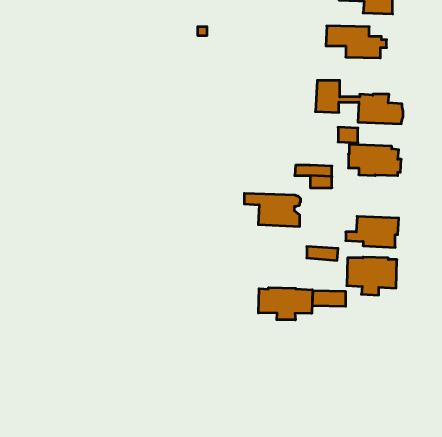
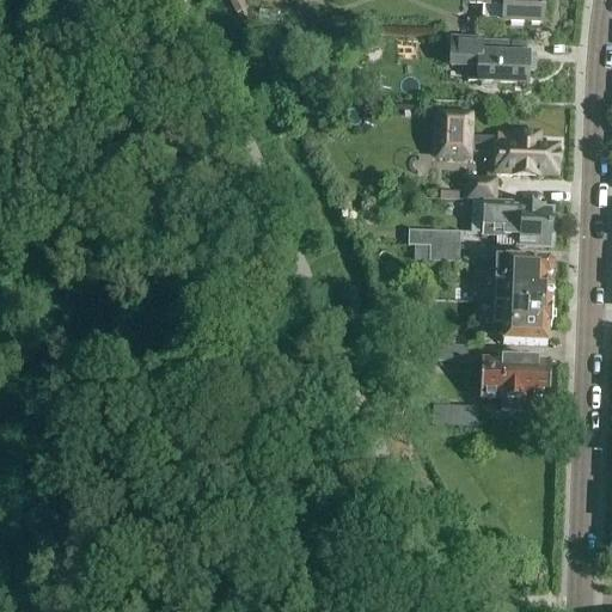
building: [244,193,301,226] -> [473,256,551,301]
building: [258,288,312,320] -> none

